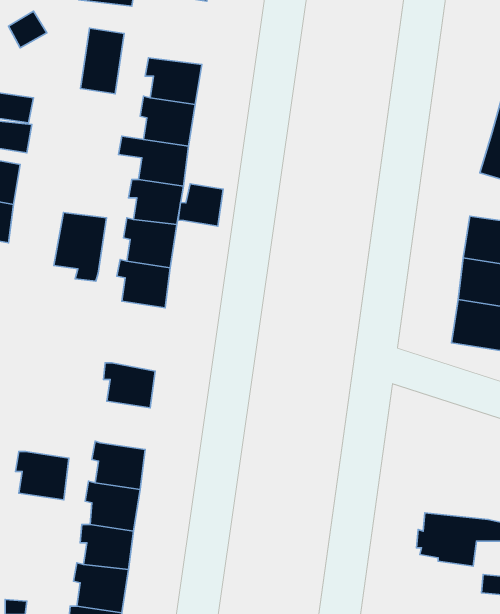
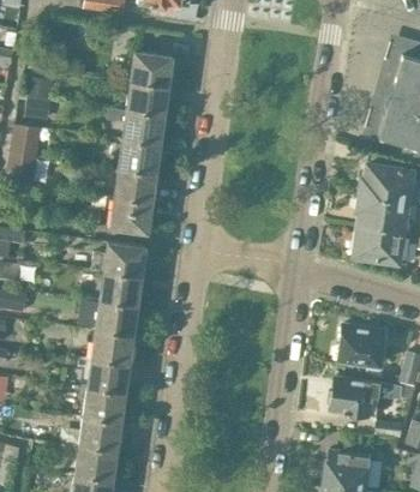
building: [80,28,124,94] -> none
building: [178,184,223,226] -> none
building: [54,213,107,281] -> none
building: none -> [107,240,145,276]
building: none -> [335,325,384,364]
building: [16,451,69,500] -> [98,298,137,332]

